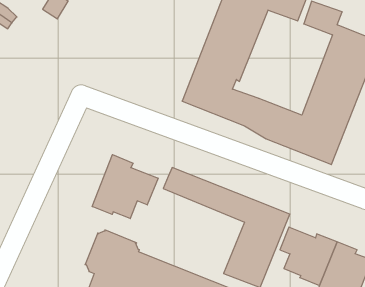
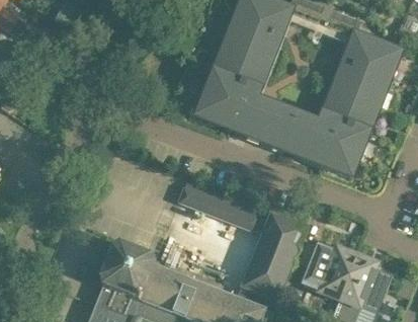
building: [92,155,158,219] -> none

